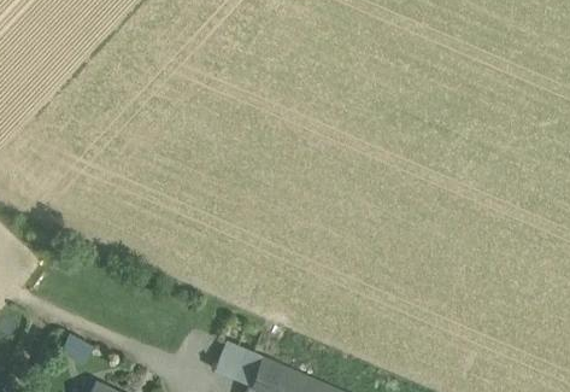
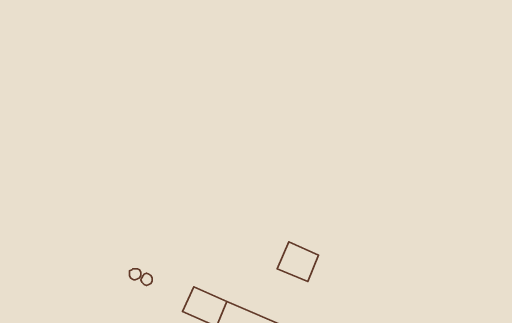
building: none -> [277,242,318,282]

